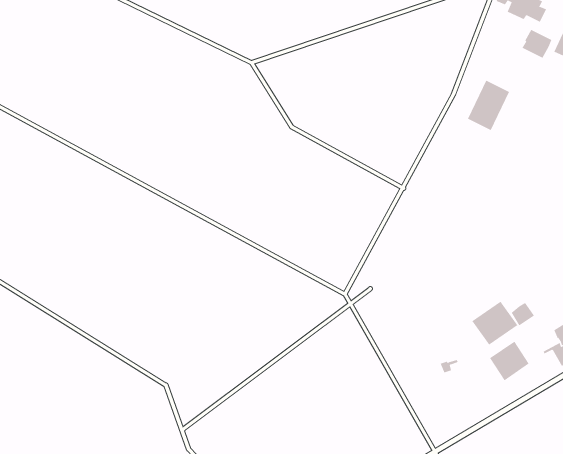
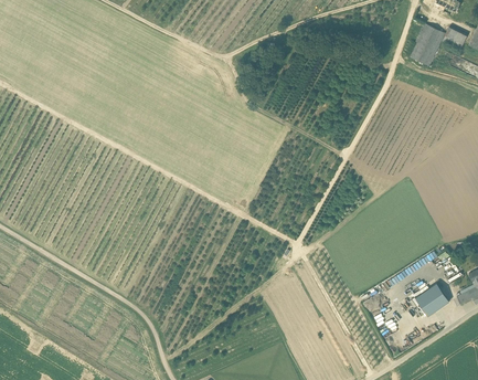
building: [467,80,510,131] -> [408,23,444,65]
building: [471,301,518,345] -> none

